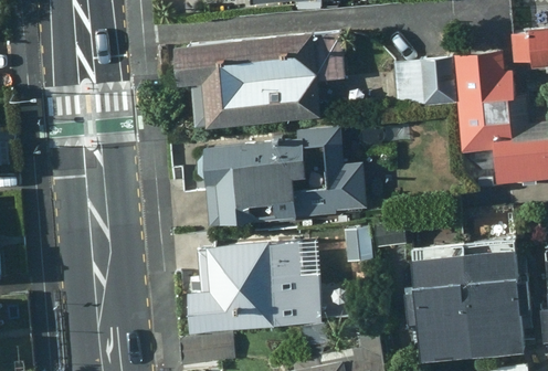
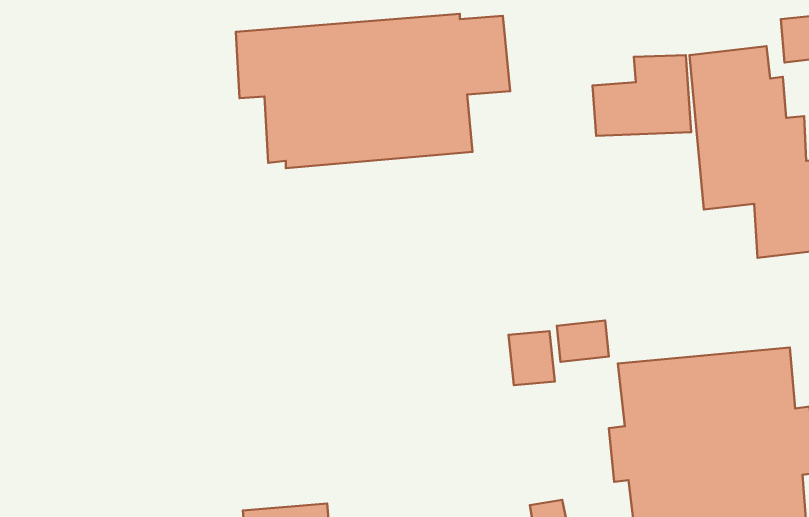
building: [203,130,366,223] -> none
building: [189,241,322,331] -> none

